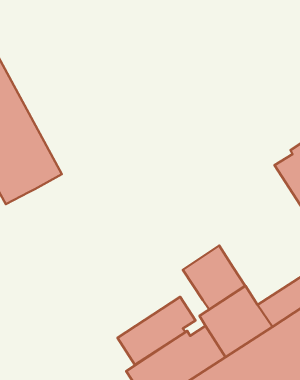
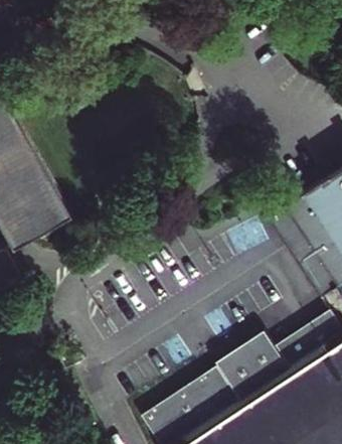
building: [183,245,245,309] -> none
building: [118,297,196,365] -> none

